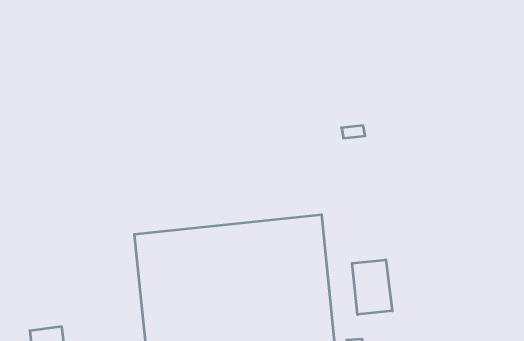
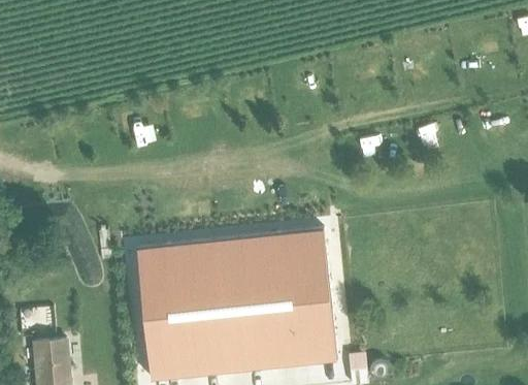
building: [352,260,392,315] -> none

